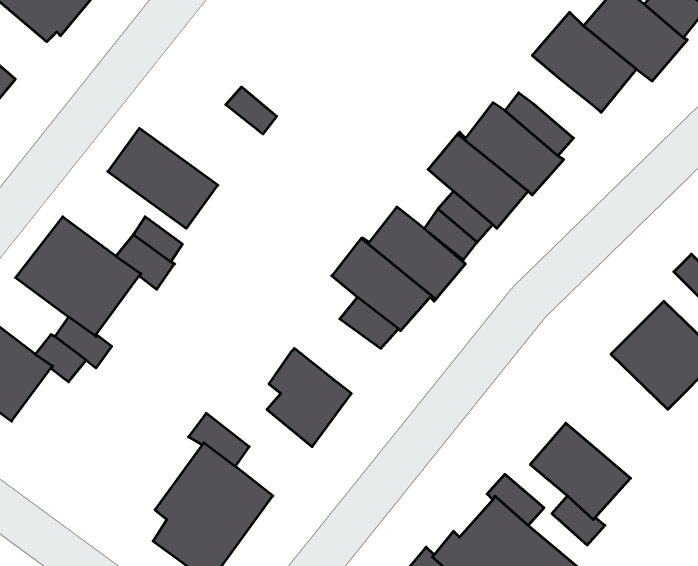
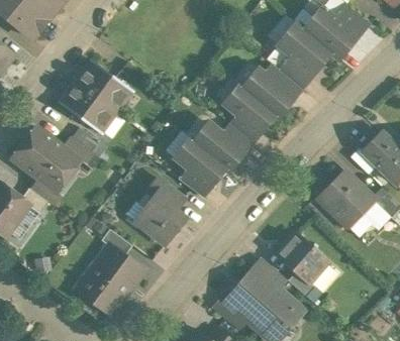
building: none -> [278,56,310,88]
building: none -> [75,62,131,112]
building: none -> [146,179,184,212]

